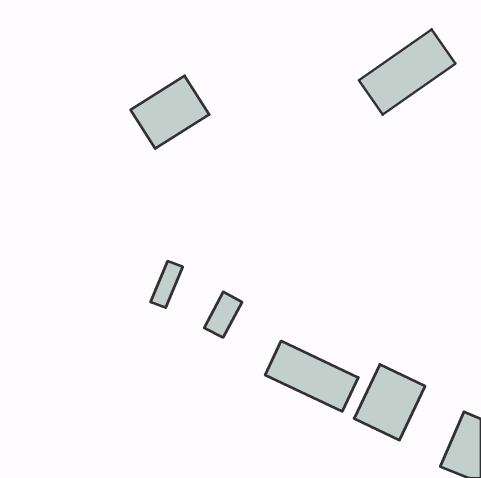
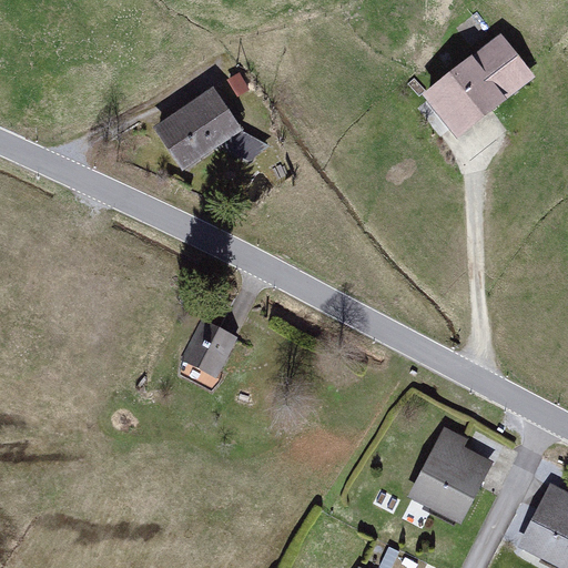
building: [204,292,242,337] -> [194,324,239,377]
building: [265,341,358,411] -> none

